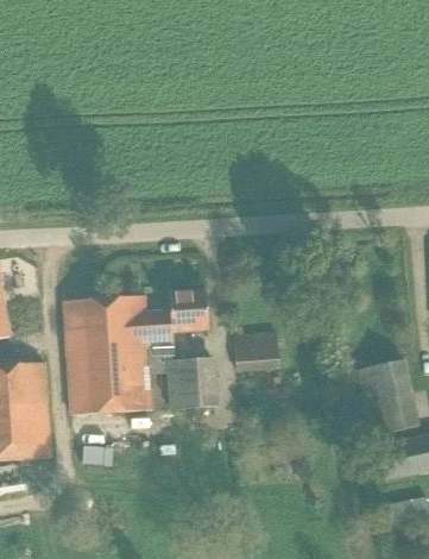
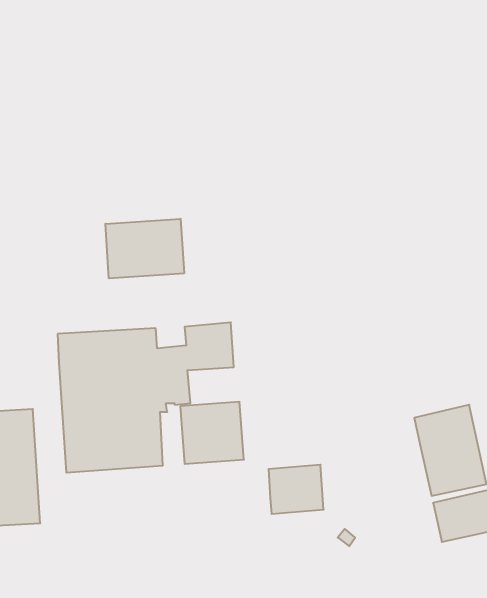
building: none -> [105,219,184,278]
building: [234,332,279,372] -> [269,465,324,514]

